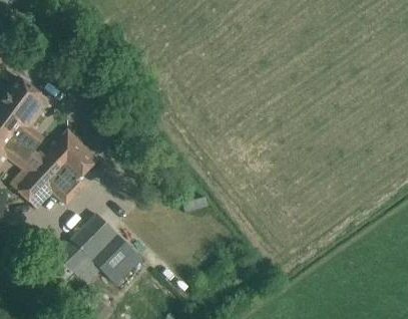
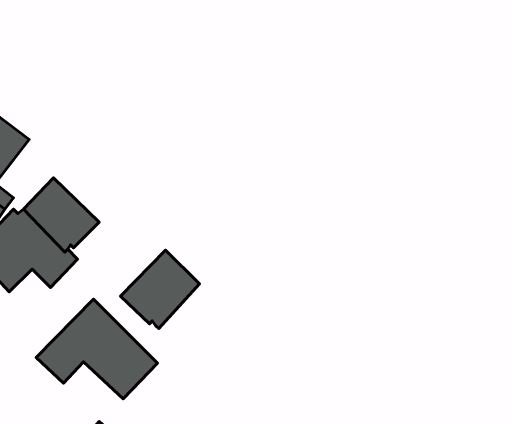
building: none -> [120,250,200,328]

